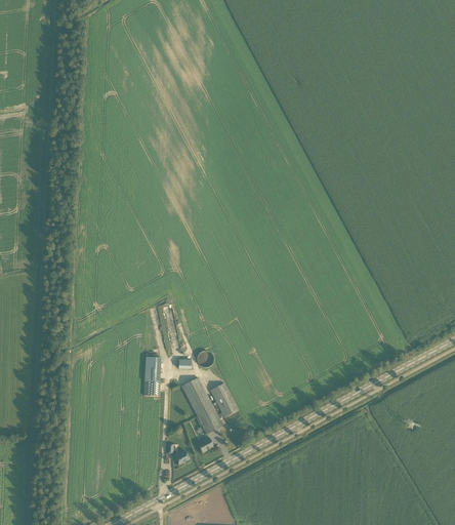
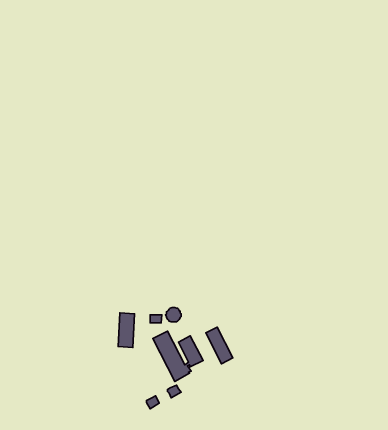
building: none -> [206,327,233,364]

